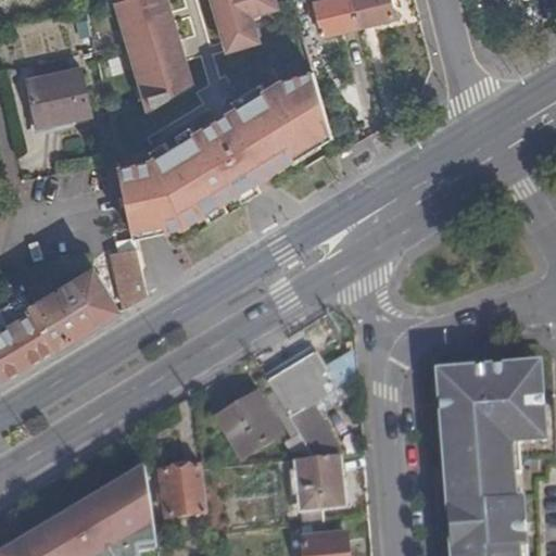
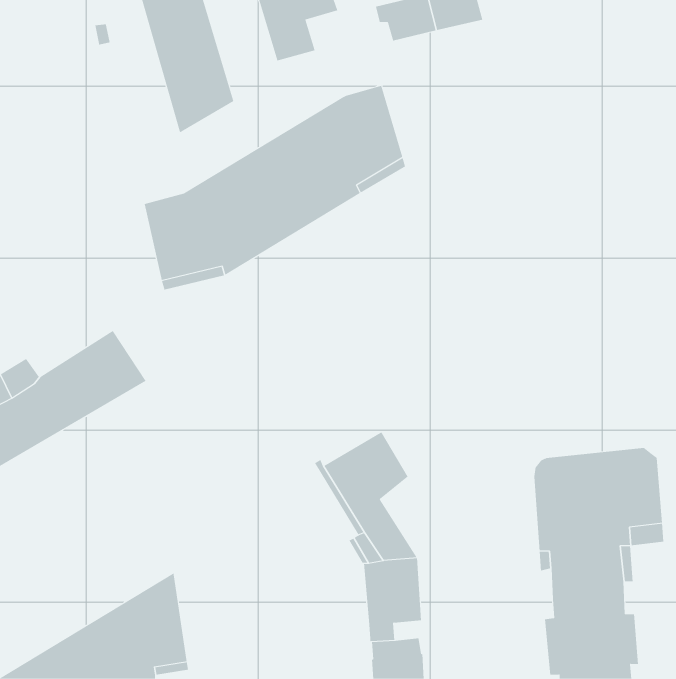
building: [27,71,90,125] -> none
building: [112,247,146,308] -> none
building: [215,392,279,458] -> none
building: [159,466,205,517] -> none

